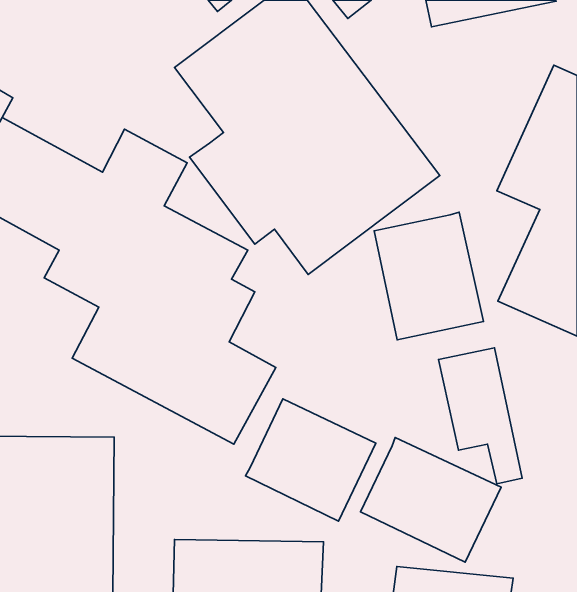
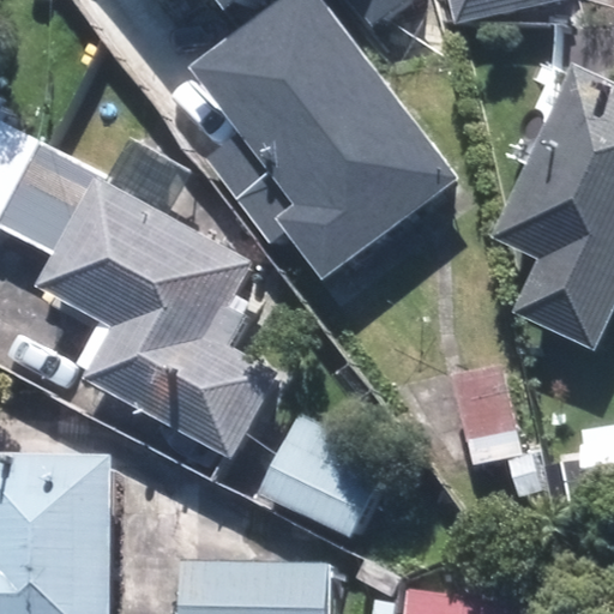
building: [374,212,484,340] -> none
building: [360,437,501,562] -> none

